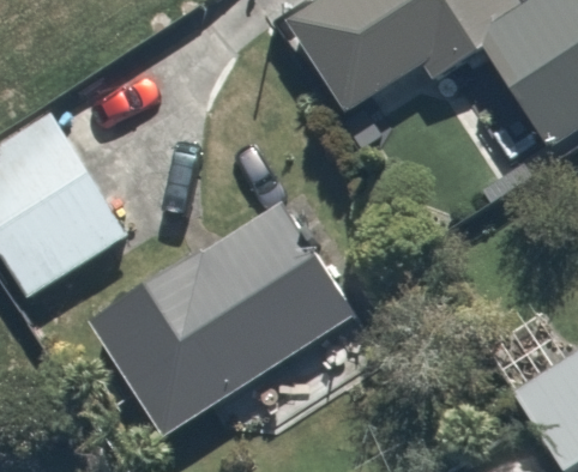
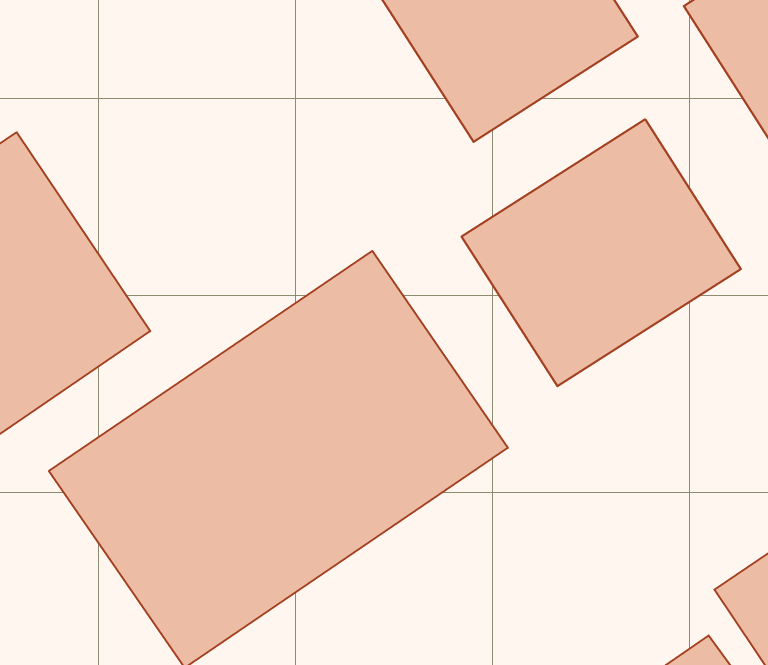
building: none -> [462,119,741,386]

